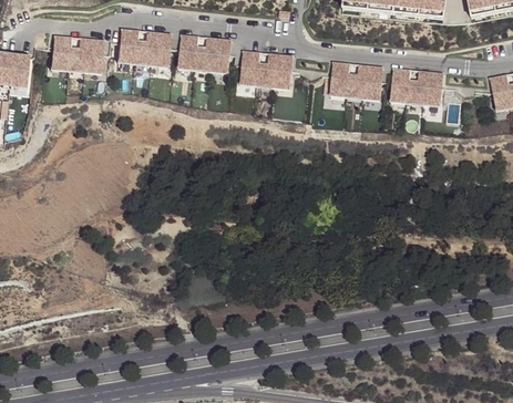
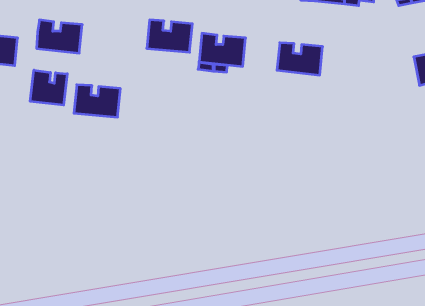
building: [117,28,172,65] -> [74,85,120,117]
building: [390,68,443,105] -> none
building: none -> [30,70,67,105]

